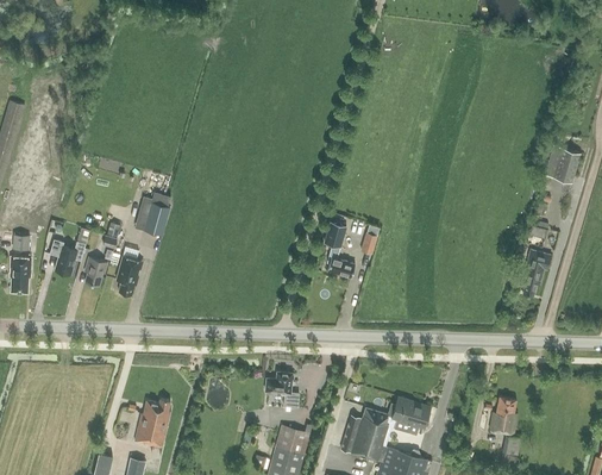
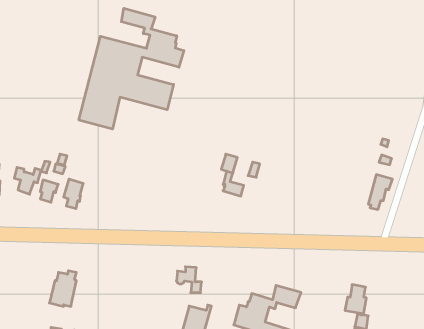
building: none -> [79,8,184,129]
building: [552,148,579,182] -> none
building: [143,192,169,236] -> none
building: [133,398,169,445] -> [49,271,76,306]

